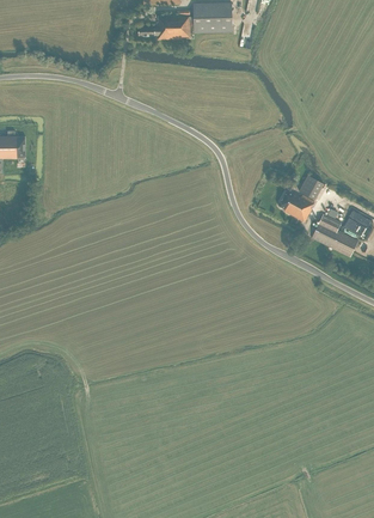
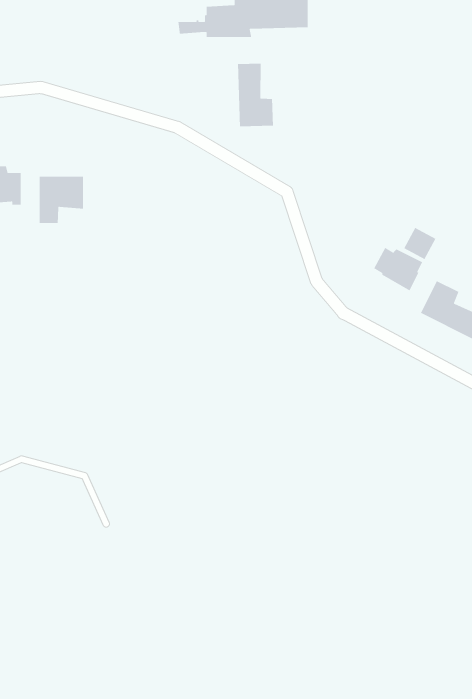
building: none -> [237,63,274,127]
building: none -> [39,176,84,224]

